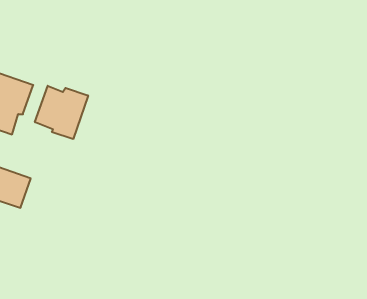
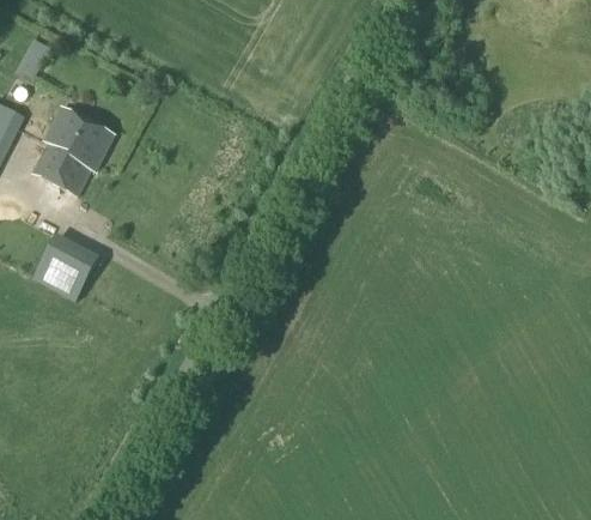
building: [35,86,88,139] -> none

